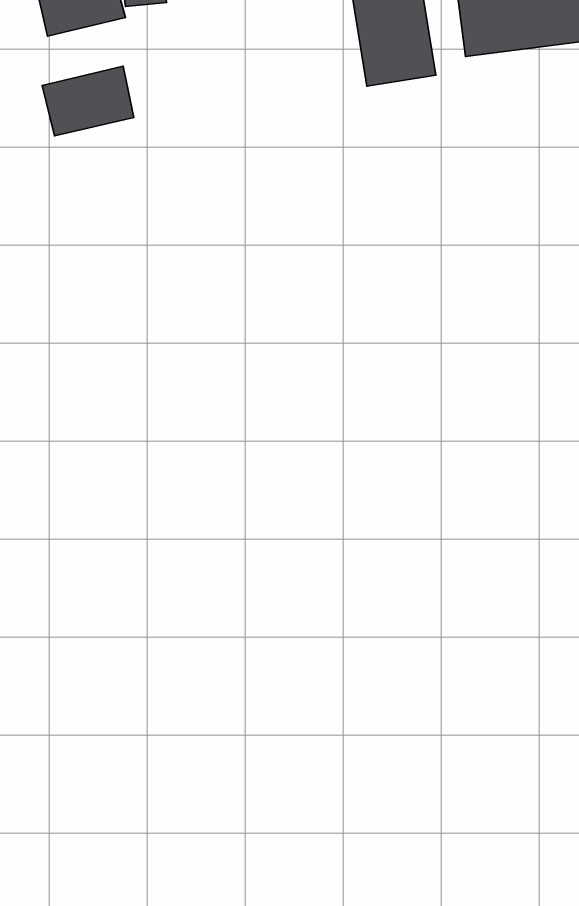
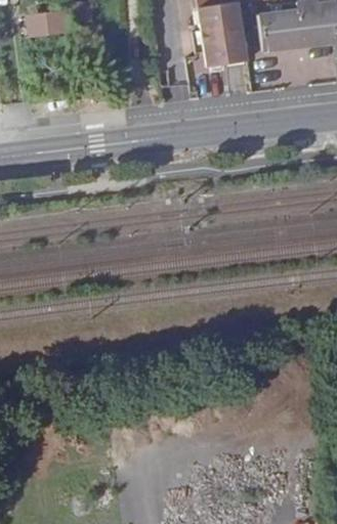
building: [42,66,134,136] -> none

